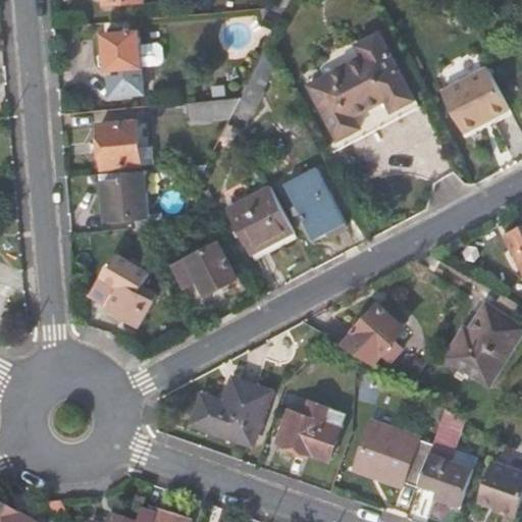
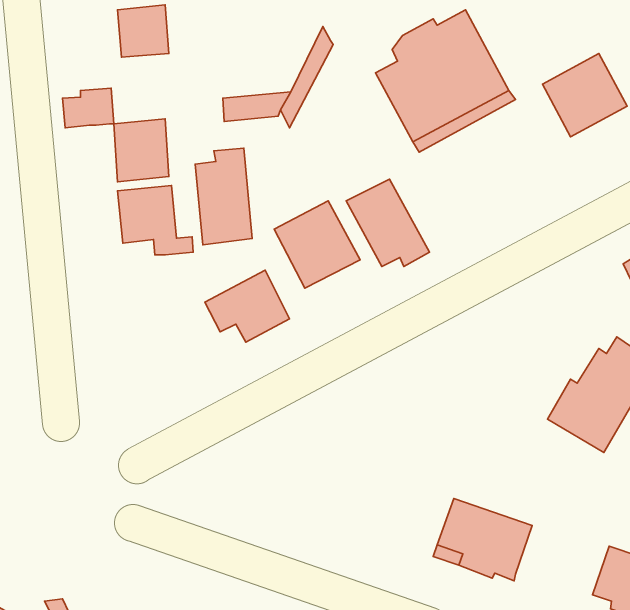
building: [103,68,144,100] -> [62,88,114,128]
building: none -> [195,148,252,245]
building: [100,252,157,326] -> none
building: [342,303,403,366] -> none
building: [188,377,271,447] -> none
building: [275,400,344,461] -> none
building: [417,422,472,505] -> none

